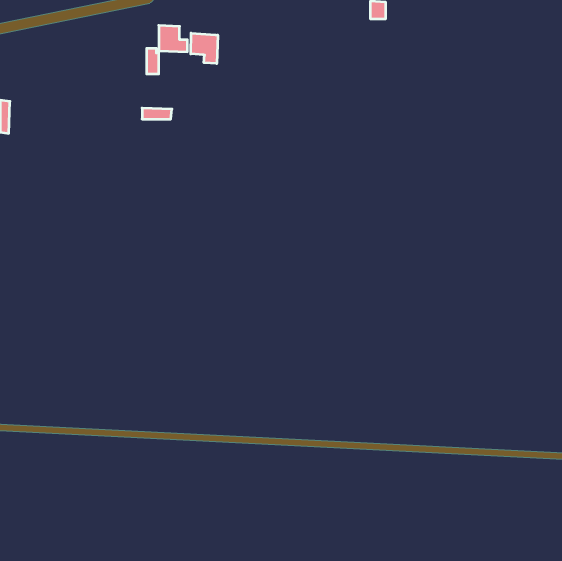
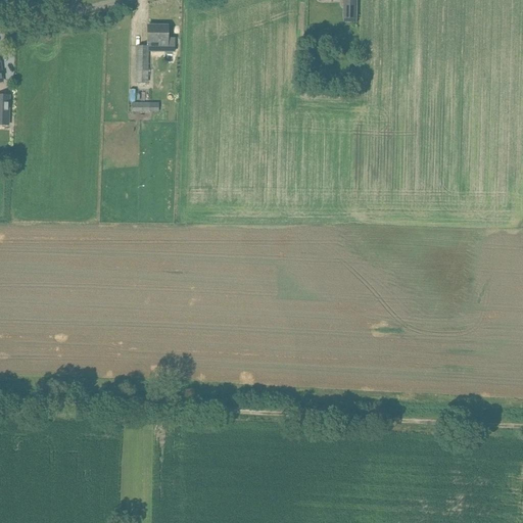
building: [191,33,218,64] -> none

